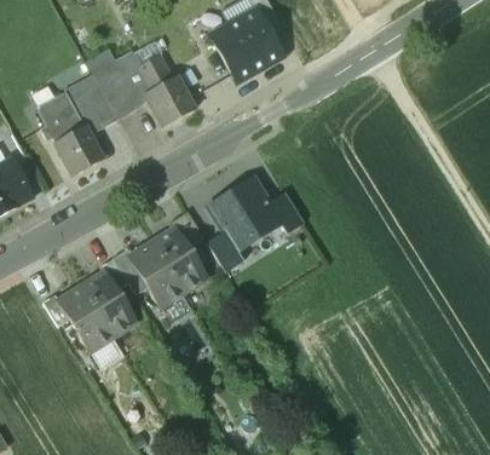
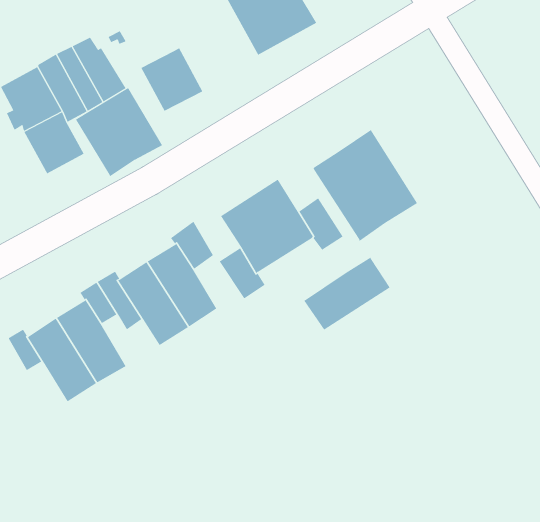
building: [138,45,172,91] -> none
building: none -> [75,87,163,177]
building: none -> [313,129,418,242]
building: none -> [304,256,390,331]

